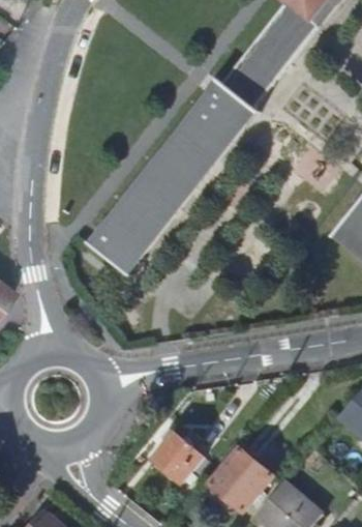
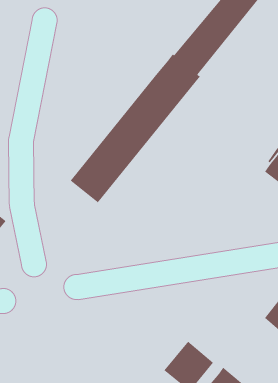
building: [153,432,203,481] -> none

